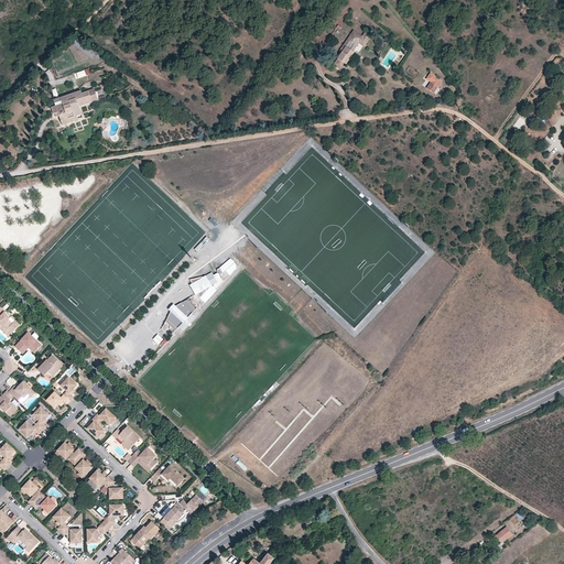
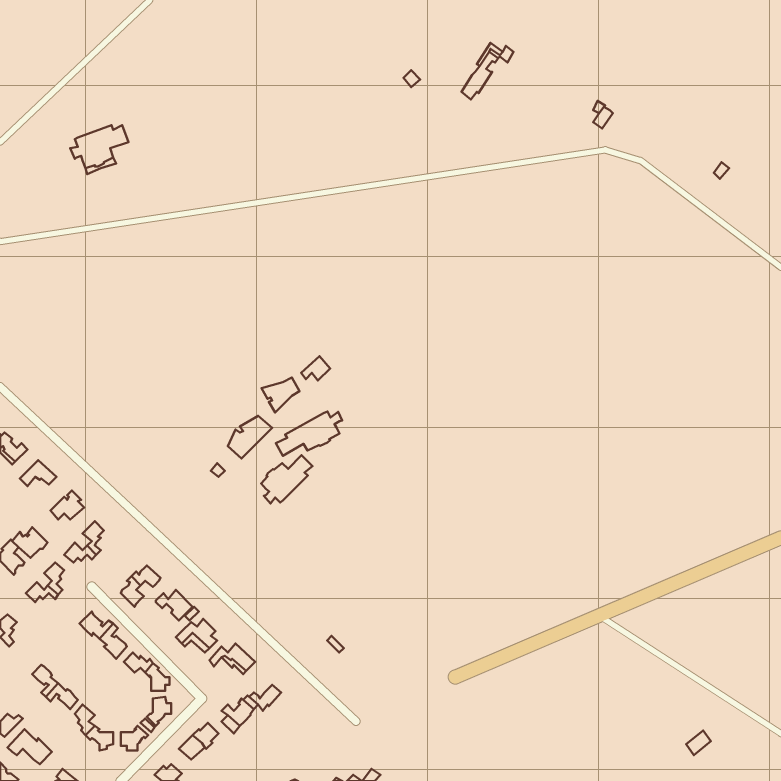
building: none -> [276,411,342,456]
building: none -> [261,455,312,503]

